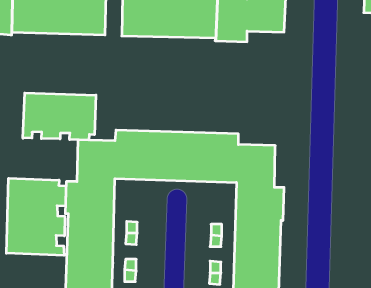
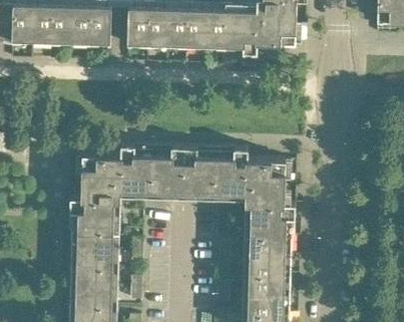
building: [23,93,96,140] -> none
building: [6,178,66,255] -> none

